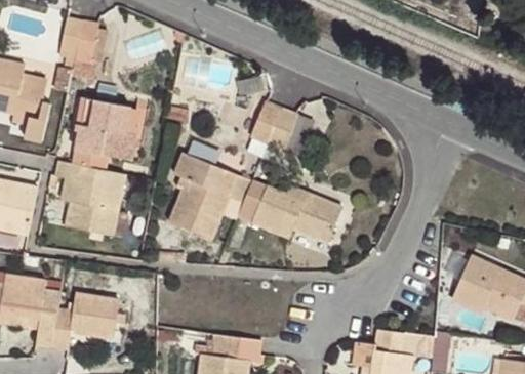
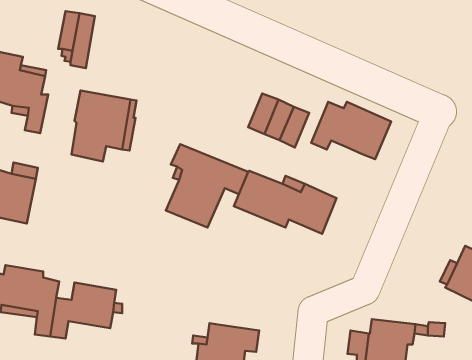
building: none -> [311,102,391,159]
building: [54,161,123,236] -> none

